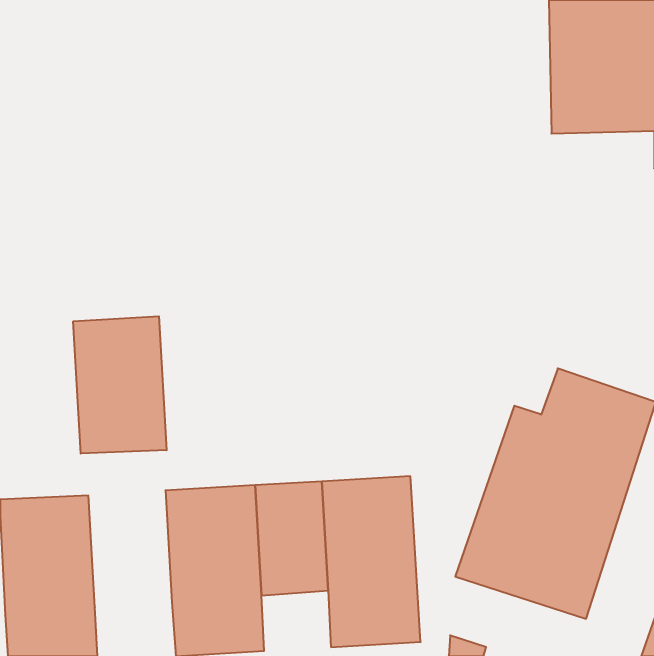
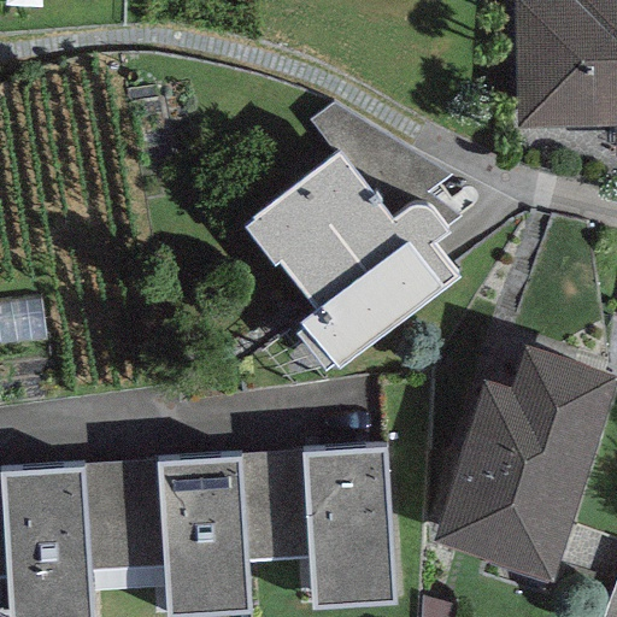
building: none -> [246,152,459,368]
building: [73,316,167,454] -> none
building: none -> [84,460,163,570]

